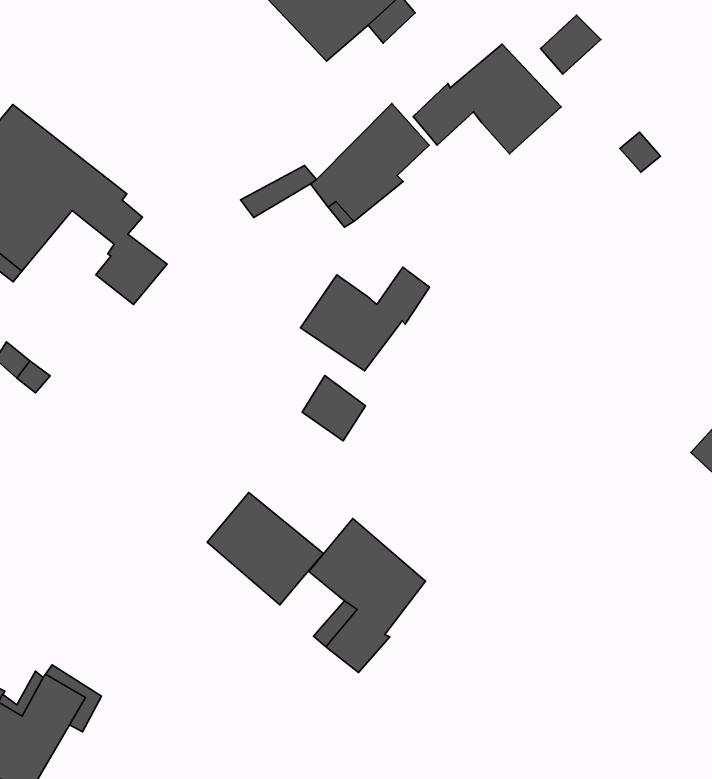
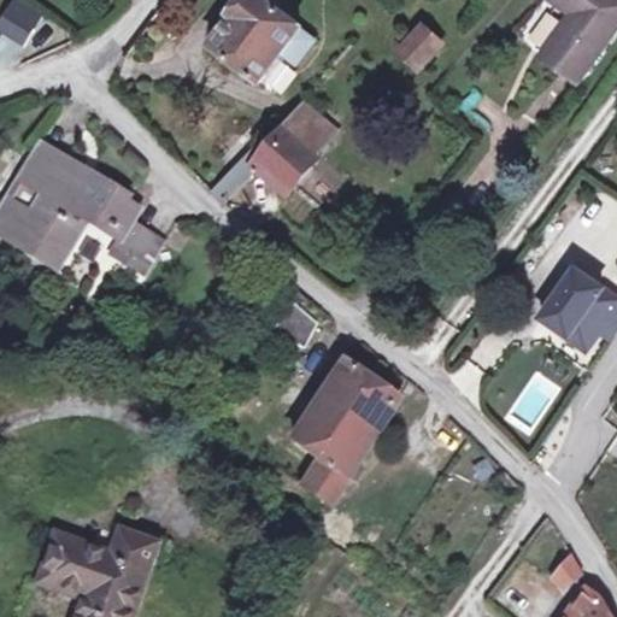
building: [413,44,561,154] -> none
building: [300,267,429,371] -> none
building: [207,492,324,605] -> [317,357,399,431]

